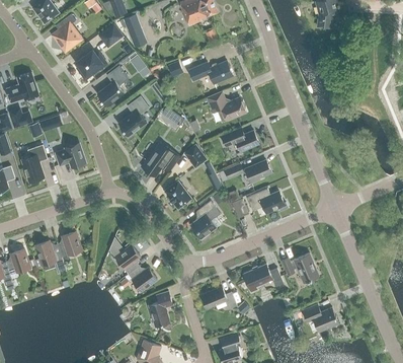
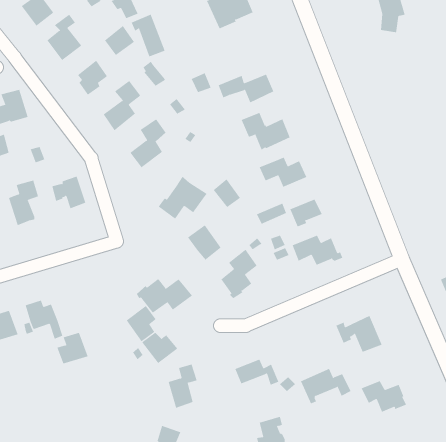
building: none -> [136,278,193,314]
building: [57,231,82,257] -> [57,332,89,364]
building: [243,264,284,292] -> [300,368,351,404]

